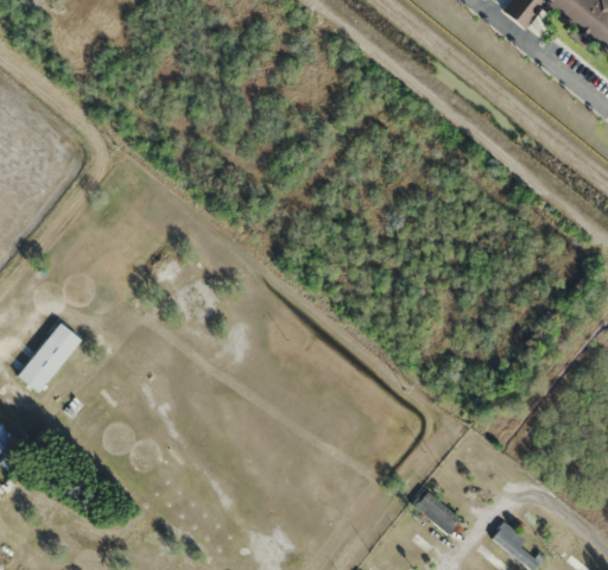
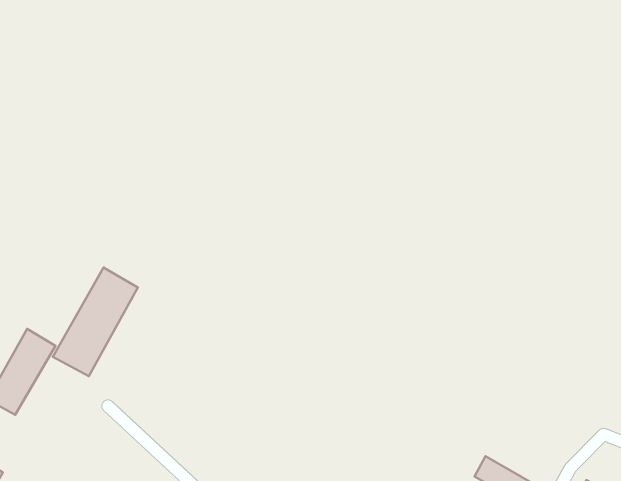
building: none -> [53,267,138,376]

